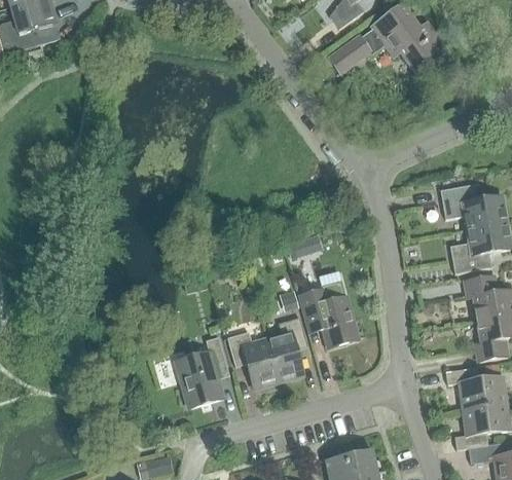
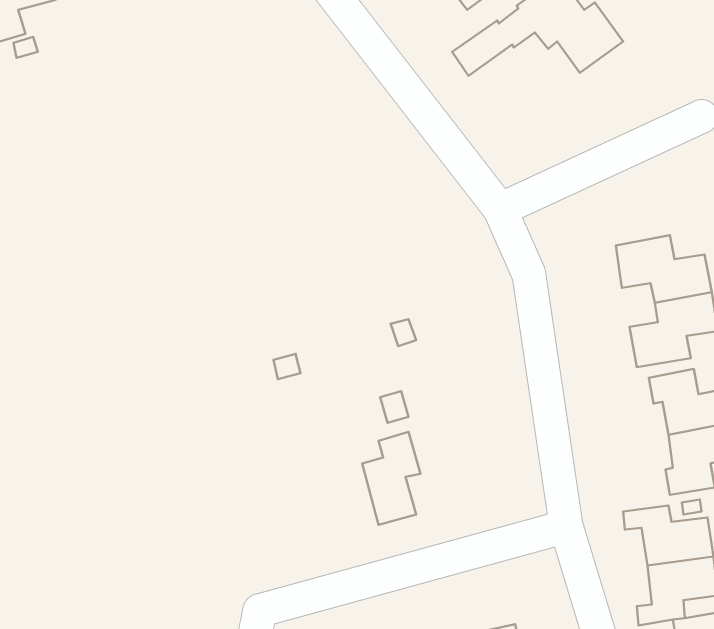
building: [299,280,359,346] -> none
building: [227,332,279,389] -> none
building: [177,336,230,405] -> none

